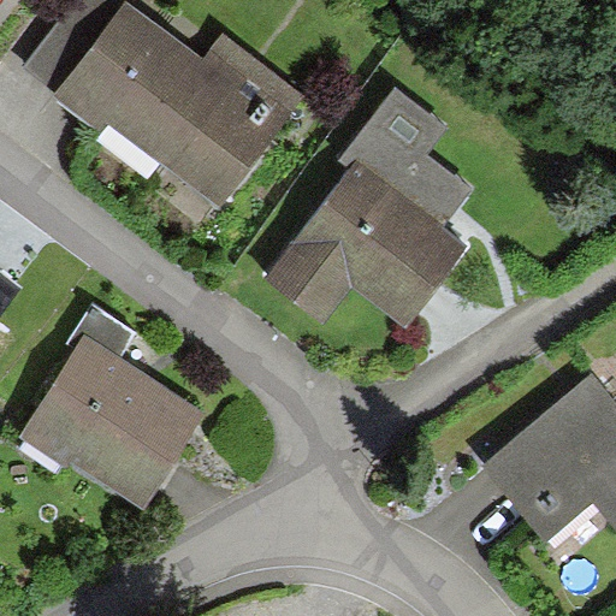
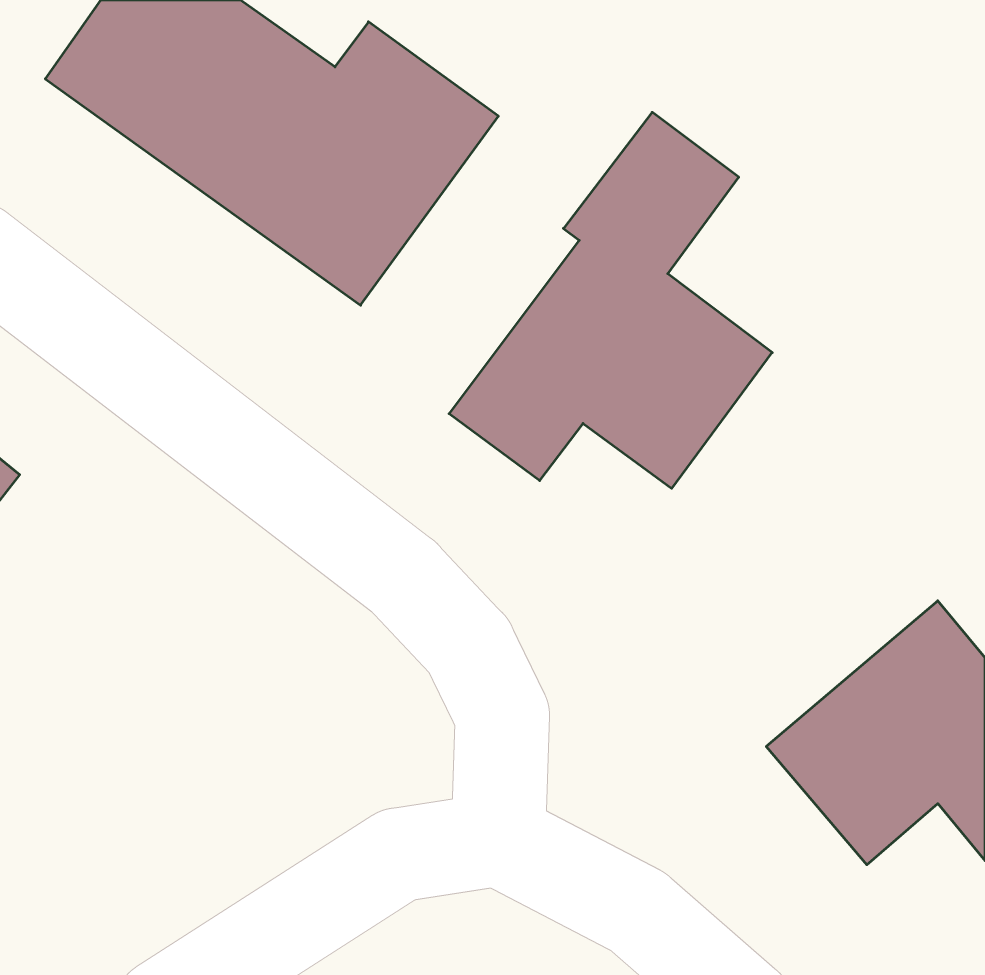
building: [25,336,202,505] -> none

